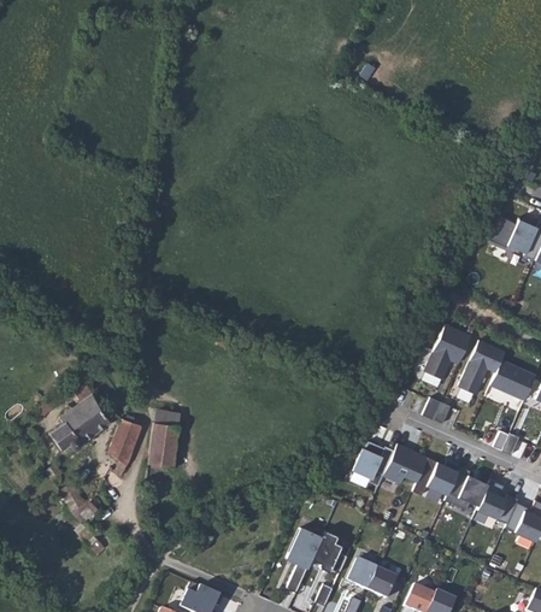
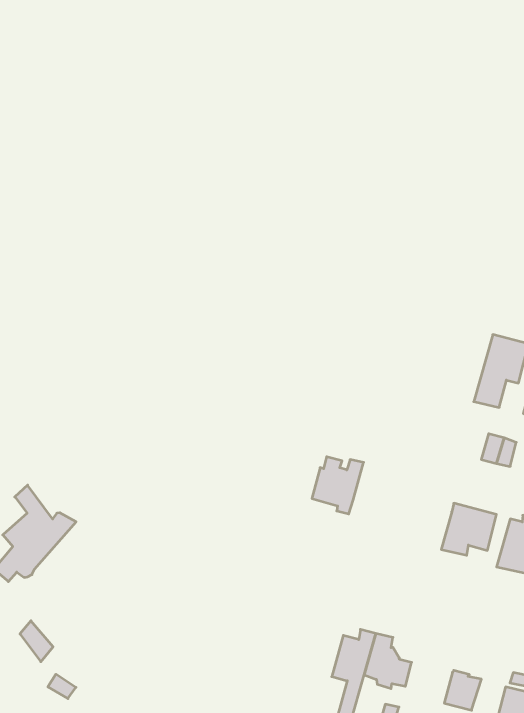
building: [108,417,142,465] -> none
building: [149,422,178,469] -> none
building: [352,442,394,487] -> [312,457,364,514]
building: [346,559,376,590] -> none

